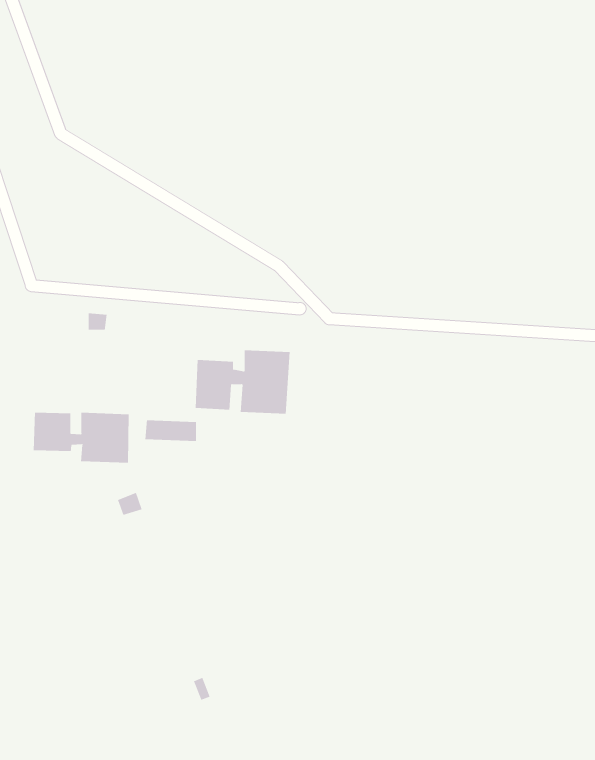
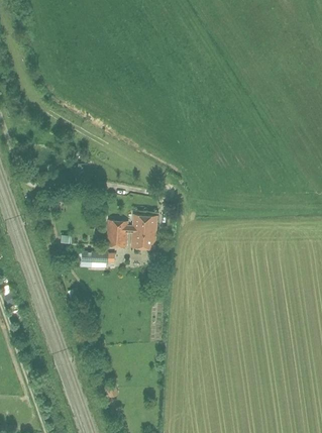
building: [33,412,129,464] -> none

